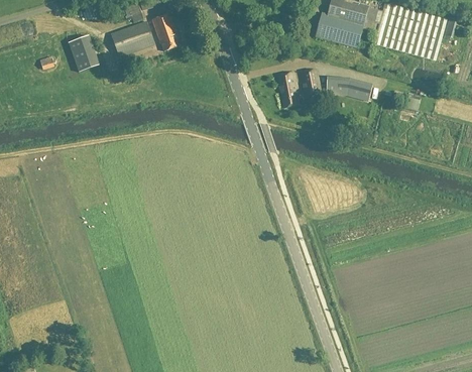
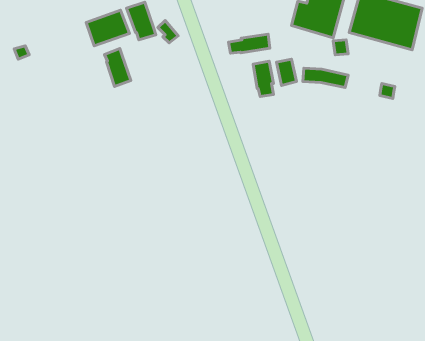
building: [69,35,99,72] -> none
building: none -> [228,34,270,53]
building: none -> [105,48,131,86]

